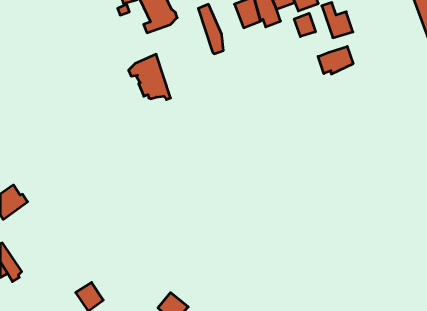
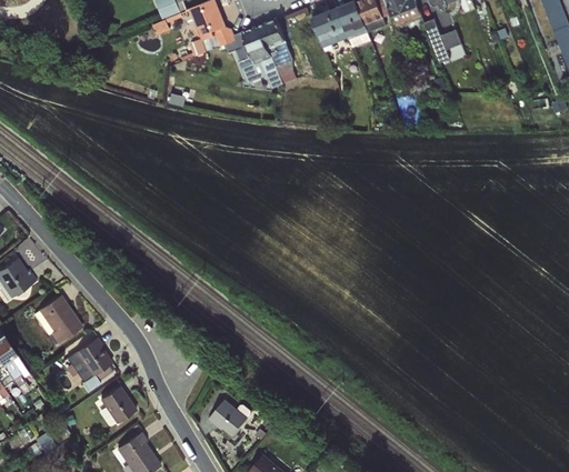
building: [294,13,315,37] -> none
building: [318,46,353,74] -> none
building: [129,54,171,100] -> [226,24,281,84]
building: none -> [34,294,83,343]
building: none -> [66,339,111,381]

